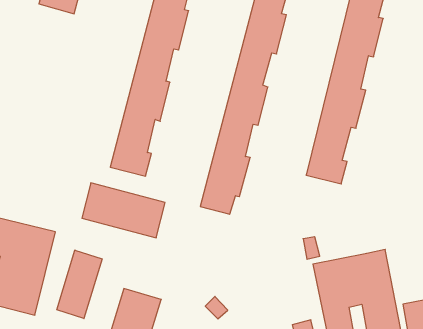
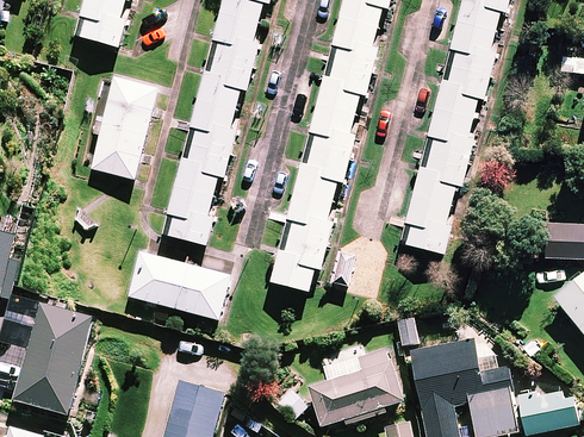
building: none -> [91,77,156,179]
building: [57,250,102,319] -> none
building: none -> [309,347,402,425]

